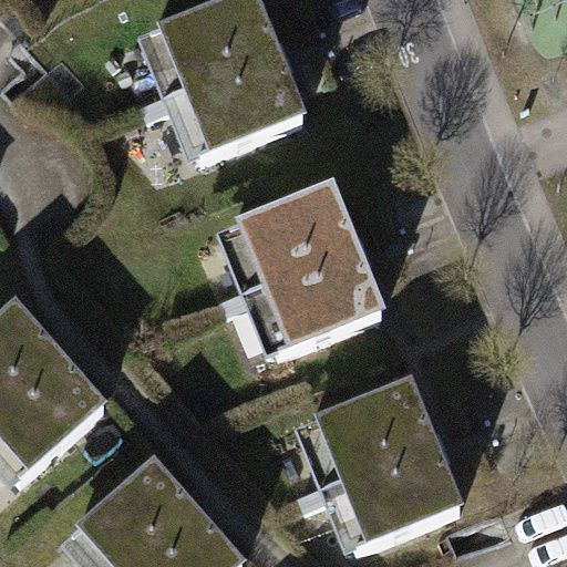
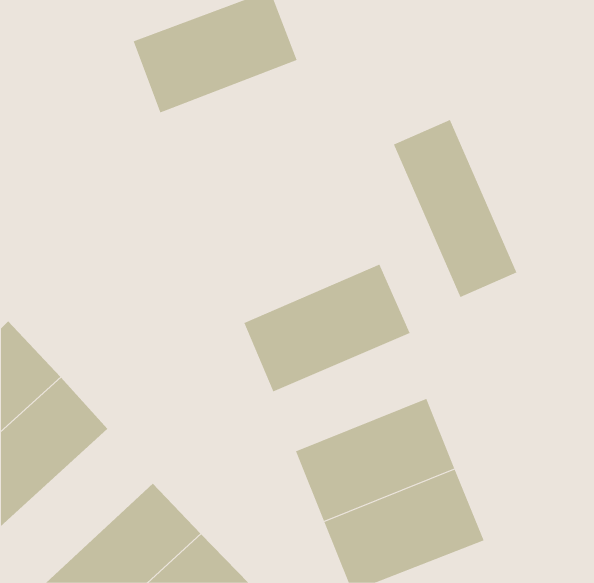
building: [157,56,313,173] -> none
building: none -> [393,119,517,298]
building: [207,183,364,303] -> none

